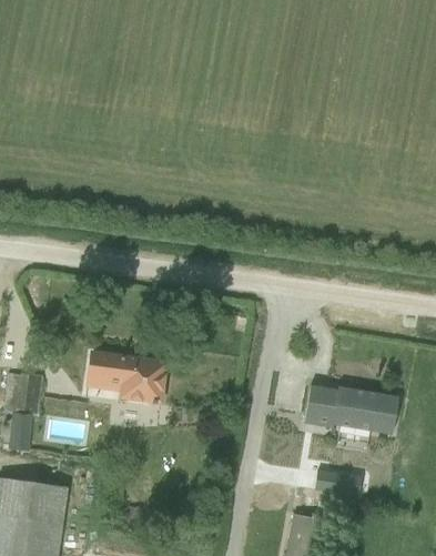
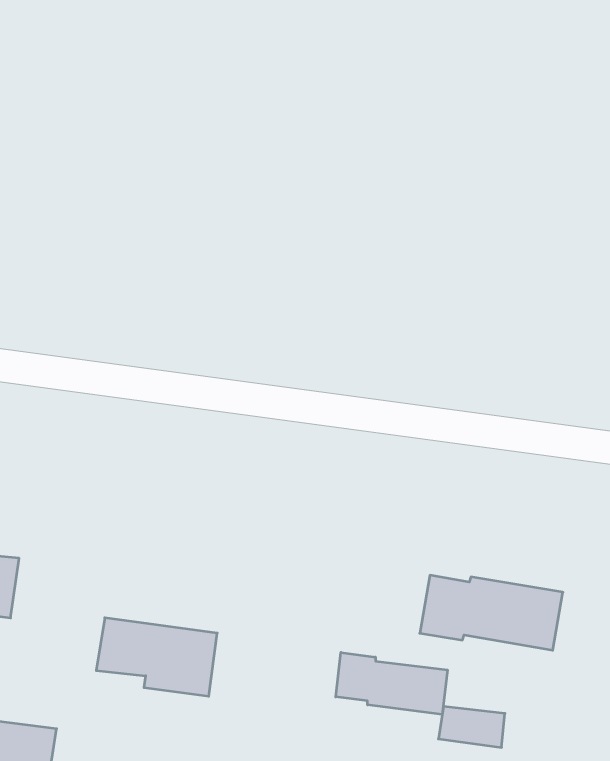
building: [87,353,165,404] -> [96,618,217,696]
building: none -> [336,652,447,715]

